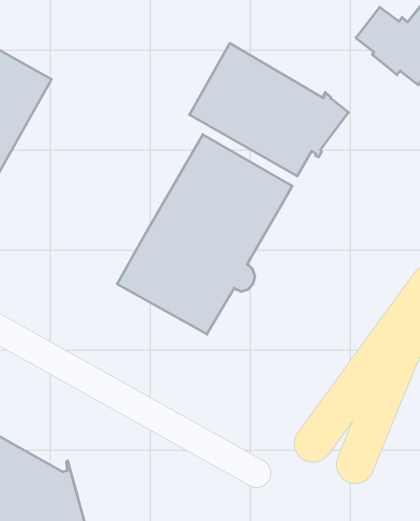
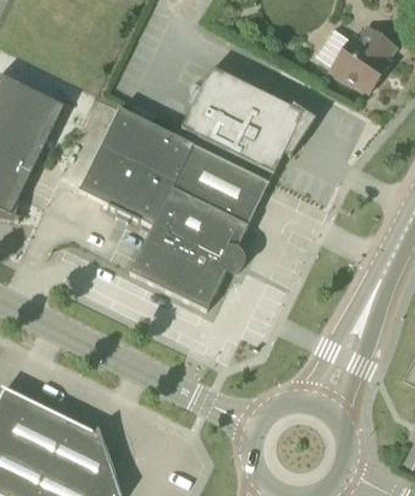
building: none -> [78,107,192,225]

